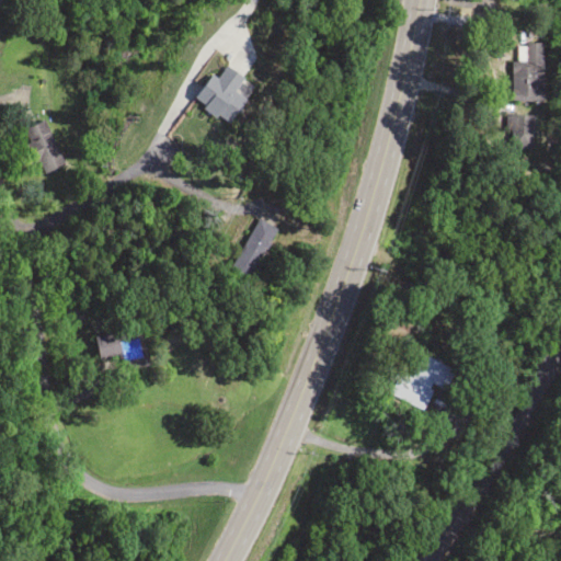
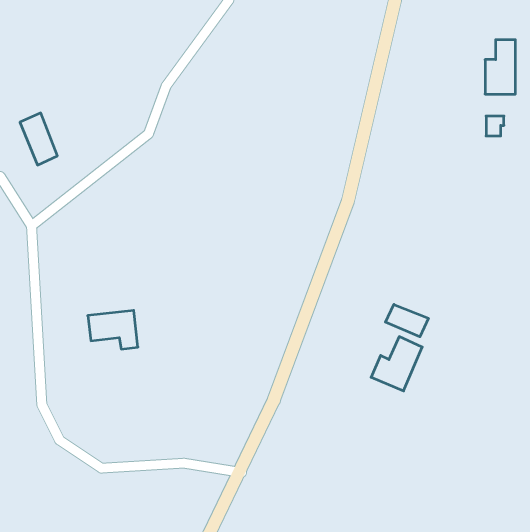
building: [183,71,247,123] -> none
building: [233,219,277,278] -> none
building: none -> [385,304,428,337]

